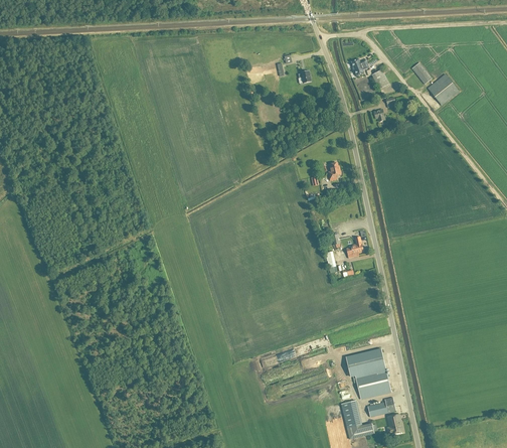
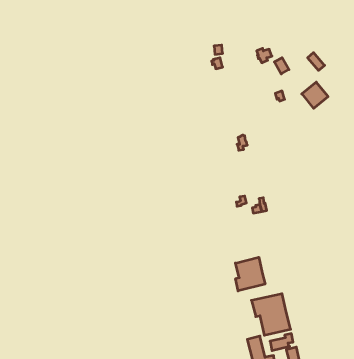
building: [428,73,459,105] -> [302,82,328,108]
building: none -> [235,257,265,291]

